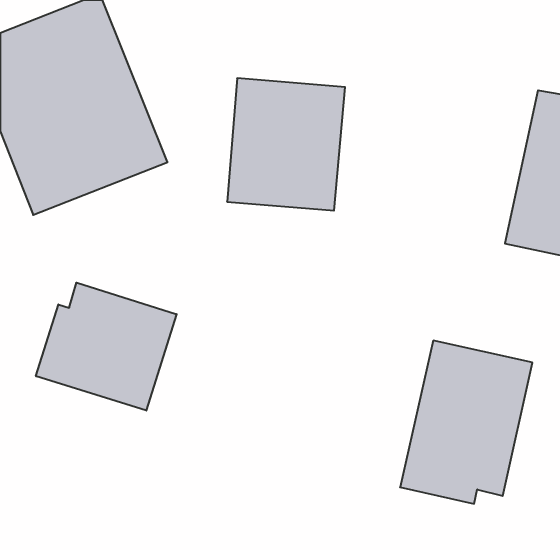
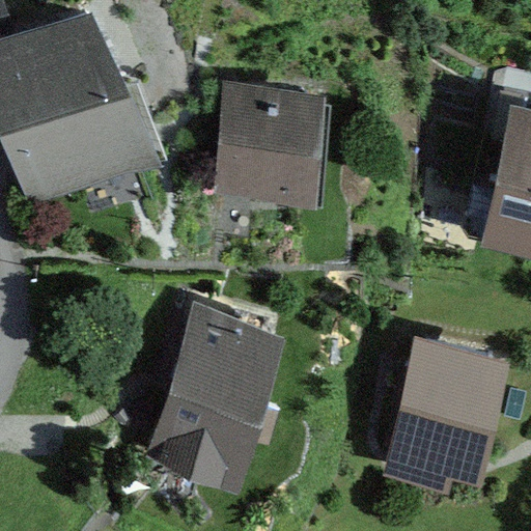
building: [36,283,177,411] -> none
building: none -> [145,306,287,491]

